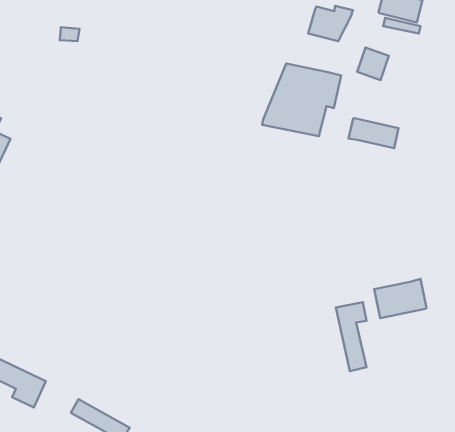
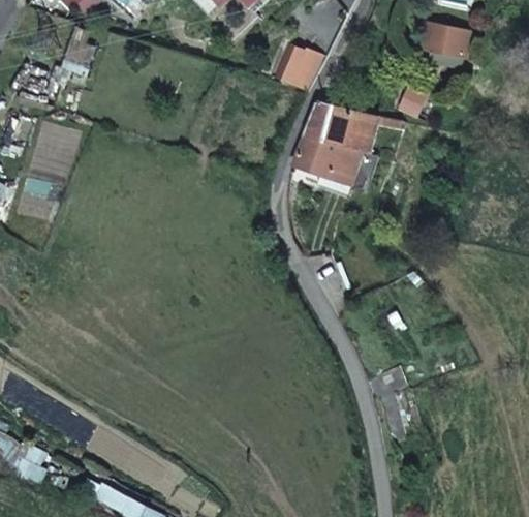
building: [308,6,353,41] -> [270,47,319,86]
building: [349,118,399,148] -> none
building: [374,279,426,318] -> none

